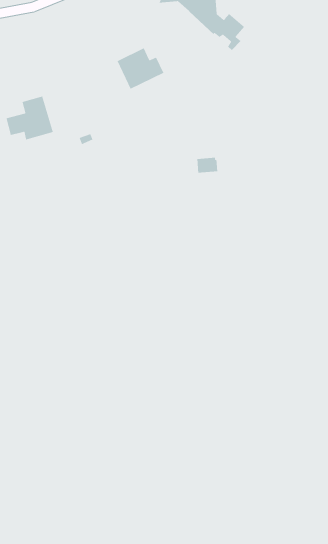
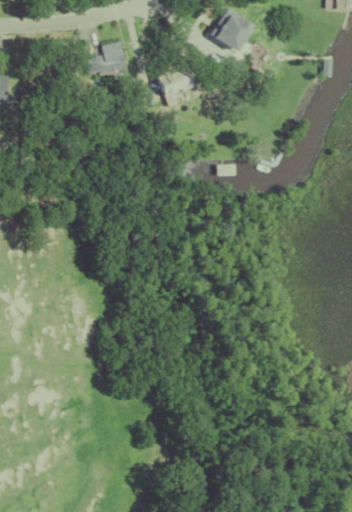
building: [5,95,54,141] -> [86,41,127,79]

